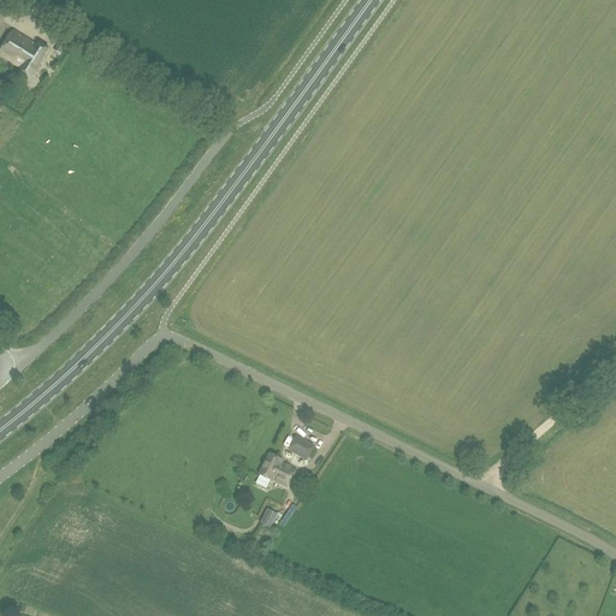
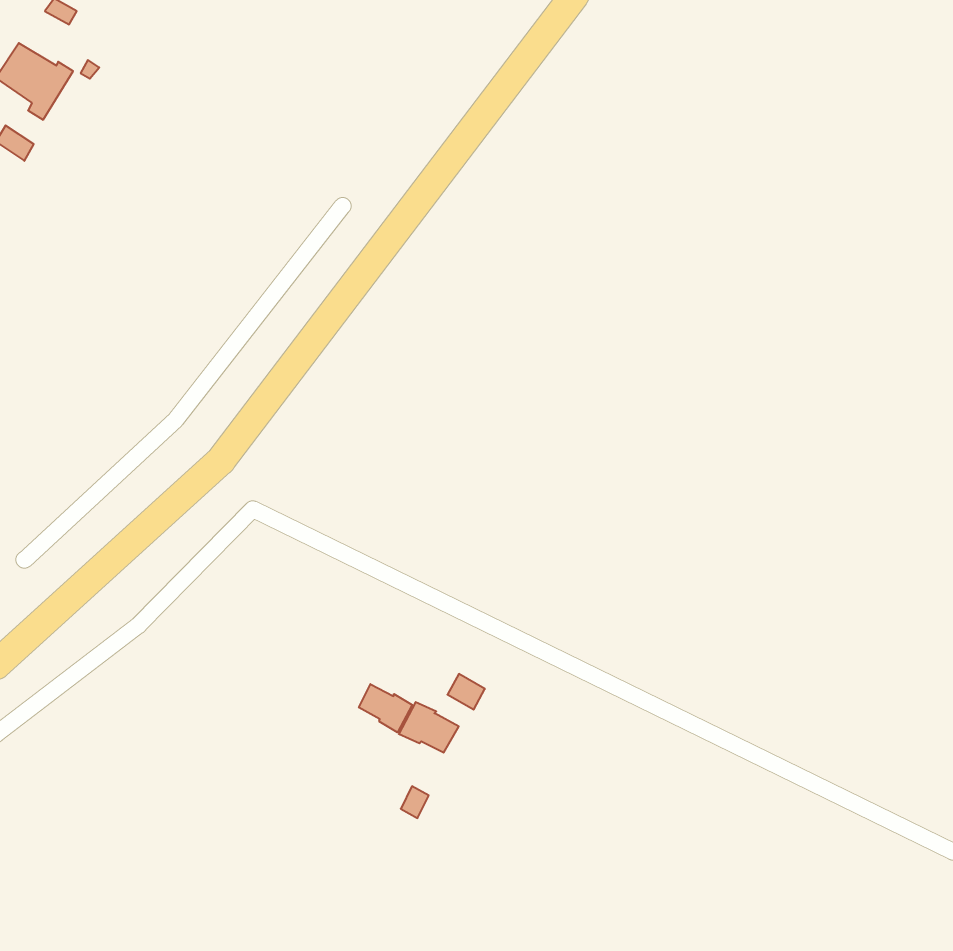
building: none -> [359,684,412,732]

